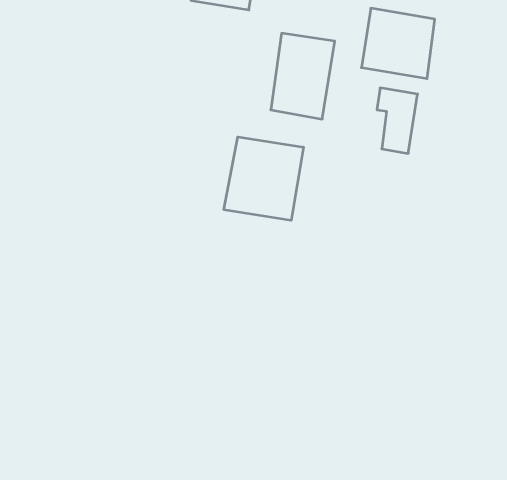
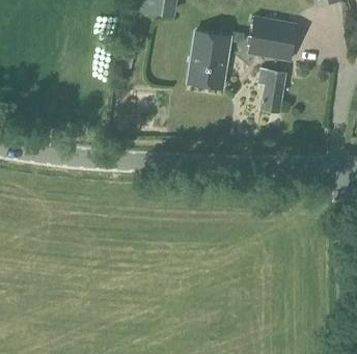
building: [224,137,303,220] -> none

